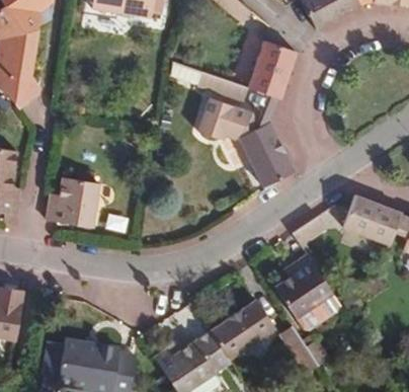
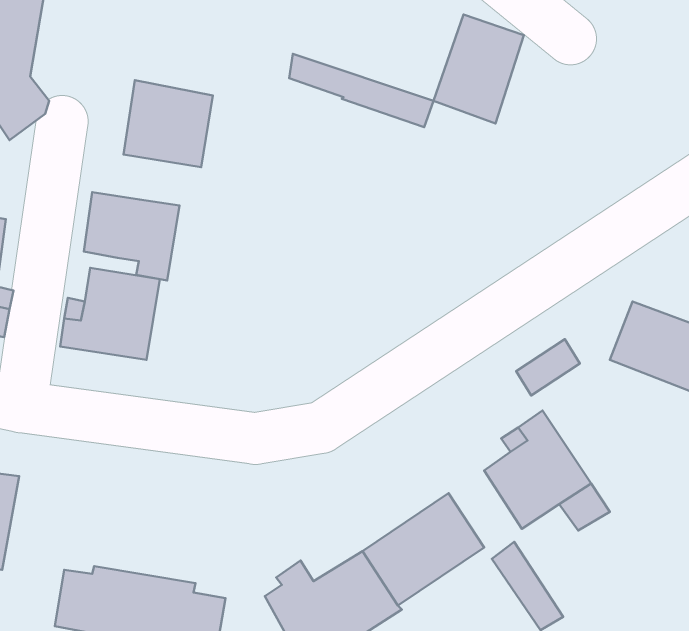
building: none -> [124,80,213,167]
building: [198,98,294,186] -> none
building: none -> [84,192,179,280]

